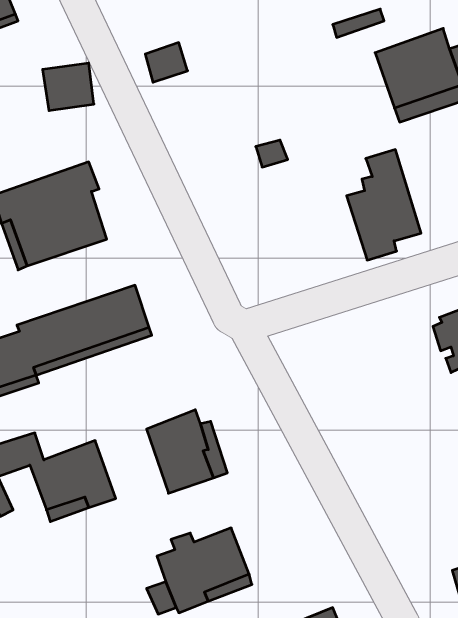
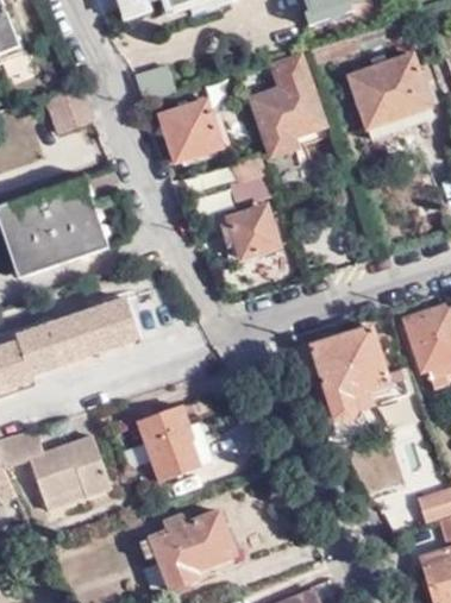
building: none -> [162,100,223,159]
building: [347,150,421,260] -> [255,57,324,159]
building: none -> [225,207,281,263]
building: none -> [312,328,408,417]

